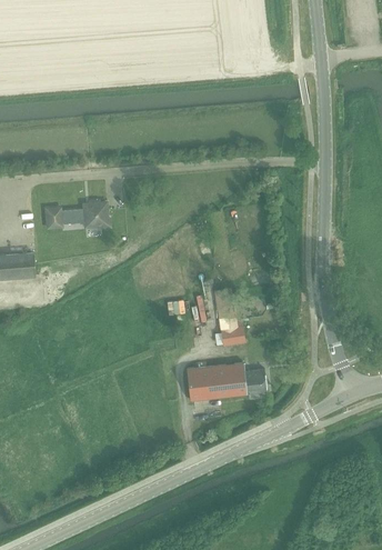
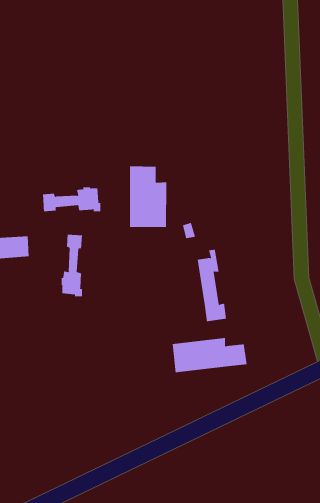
building: none -> [129,165,167,228]
building: none -> [61,234,83,297]

